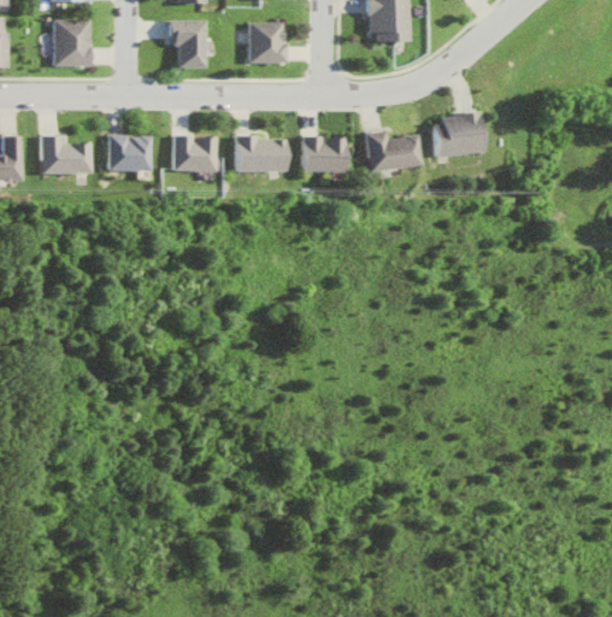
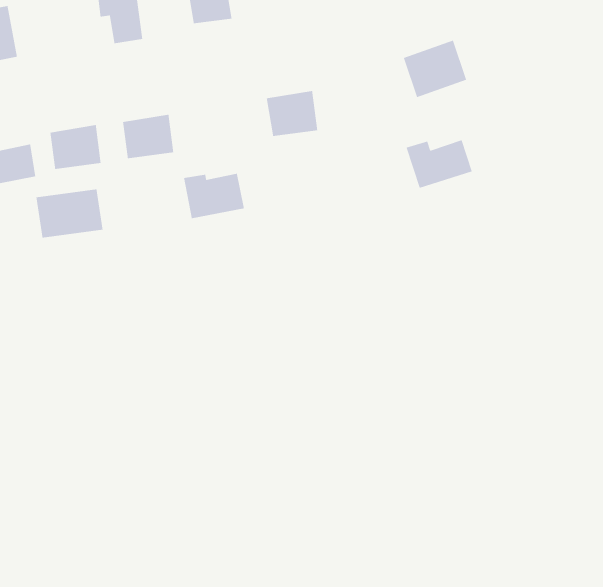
building: [363,131,418,172] -> [405,139,473,189]
building: [236,136,286,174] -> [183,173,245,219]
building: none -> [35,189,104,238]

